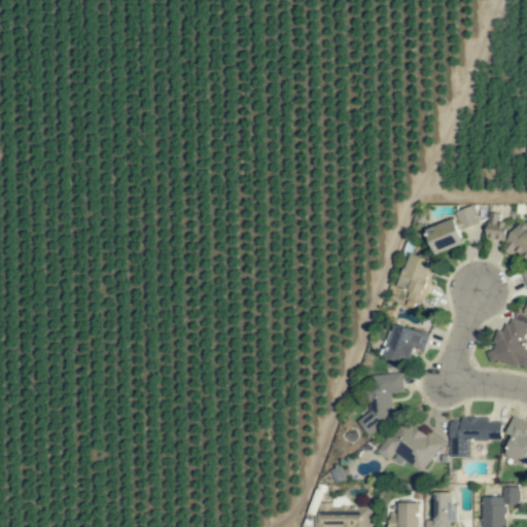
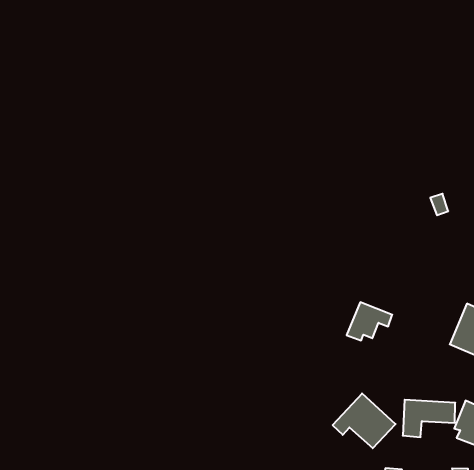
building: [425,217,464,254] -> none
building: [398,253,434,309] -> none
building: [362,373,403,428] -> none

